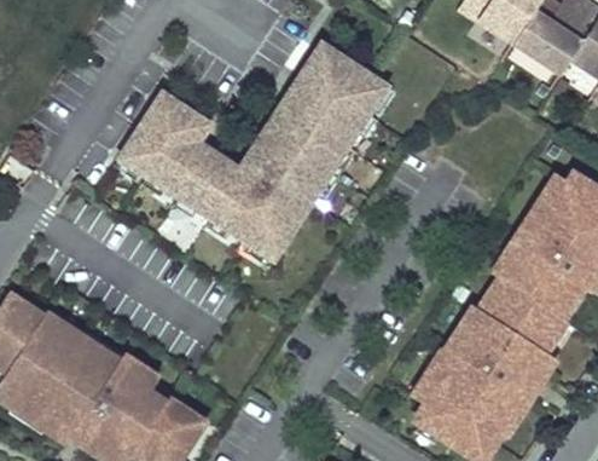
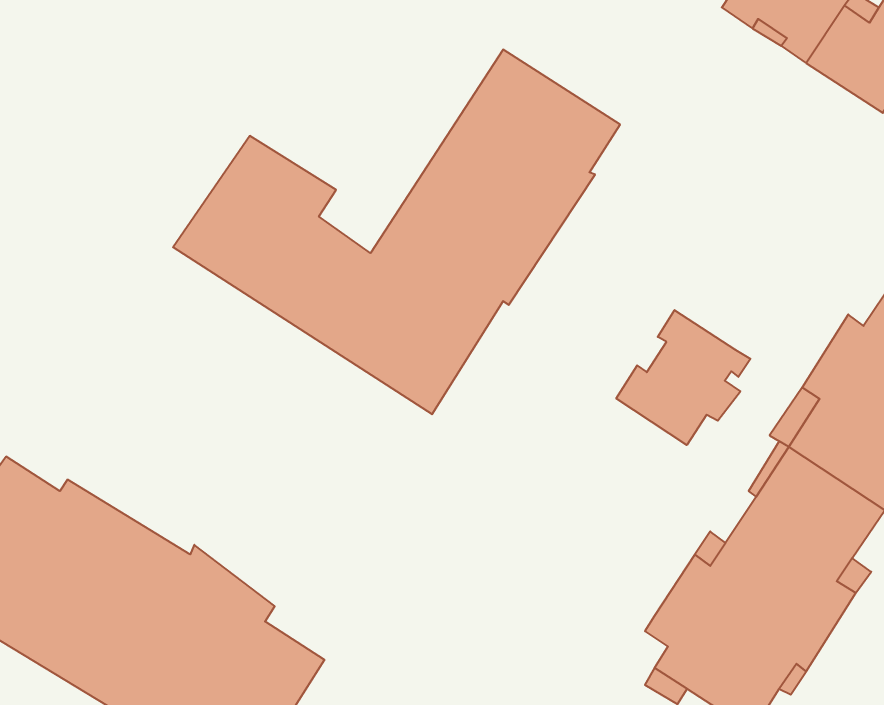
building: none -> [616,310,750,445]

